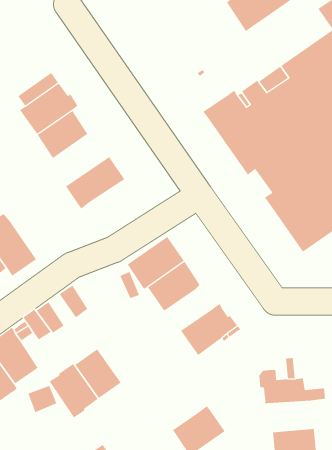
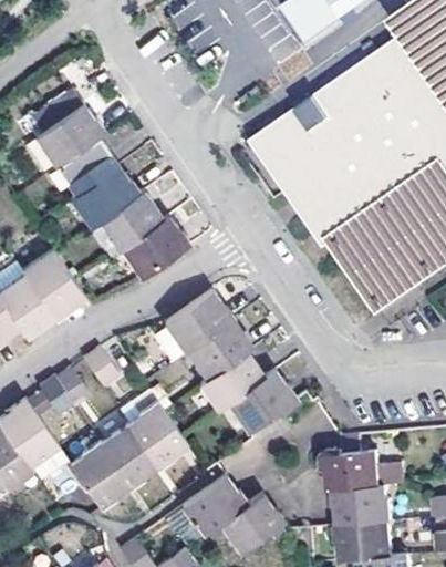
building: none -> [70,166,138,229]
building: none -> [118,217,187,278]
building: none -> [23,250,84,317]
building: none -> [199,353,265,411]
building: none -> [118,390,188,468]
building: none -> [179,475,247,534]
building: none -> [333,487,392,525]

